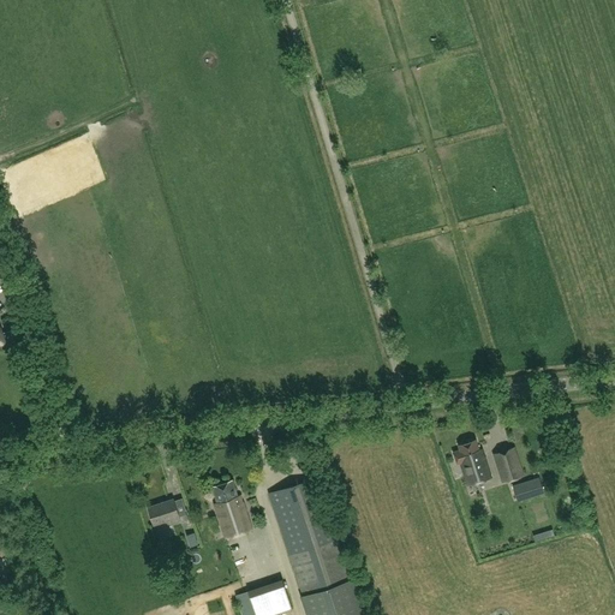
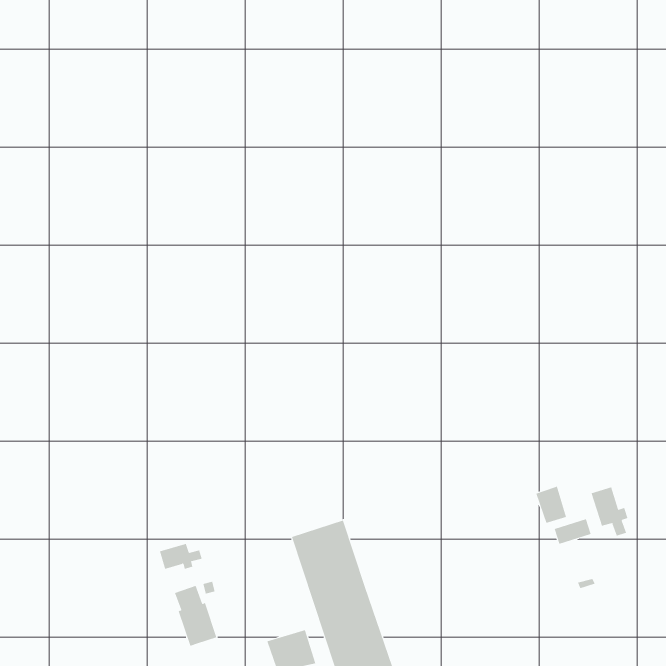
building: [452,441,490,486] -> none
building: none -> [591,486,628,537]
building: [210,482,250,538] -> [174,585,217,647]

